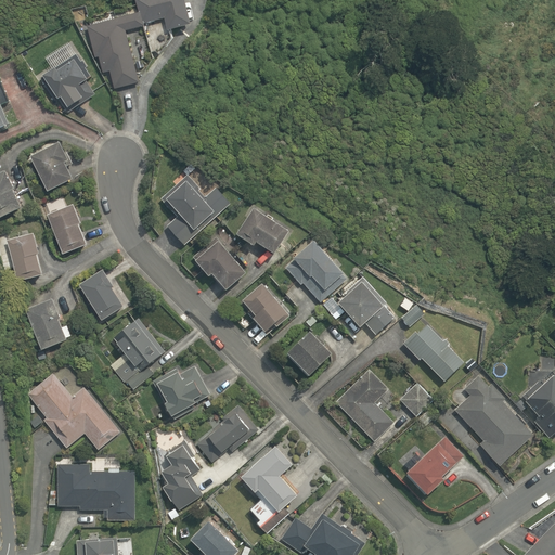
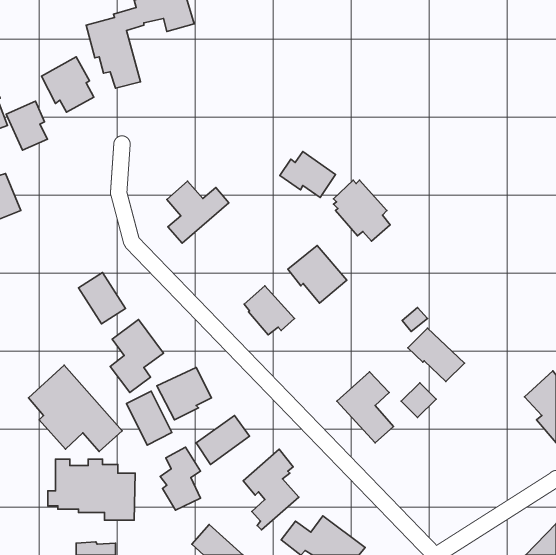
building: [31,144,73,193] -> [6,101,48,150]
building: [49,207,87,255] -> none
building: [233,210,288,256] -> [280,152,335,197]
building: [8,235,41,279] -> none
building: [195,242,244,289] -> none
building: [336,273,392,334] -> [333,180,390,241]
building: [27,300,70,350] -> none
building: [287,333,332,377] -> none
building: [454,378,532,466] -> none
building: none -> [126,391,172,445]
building: [406,444,456,496] -> none

